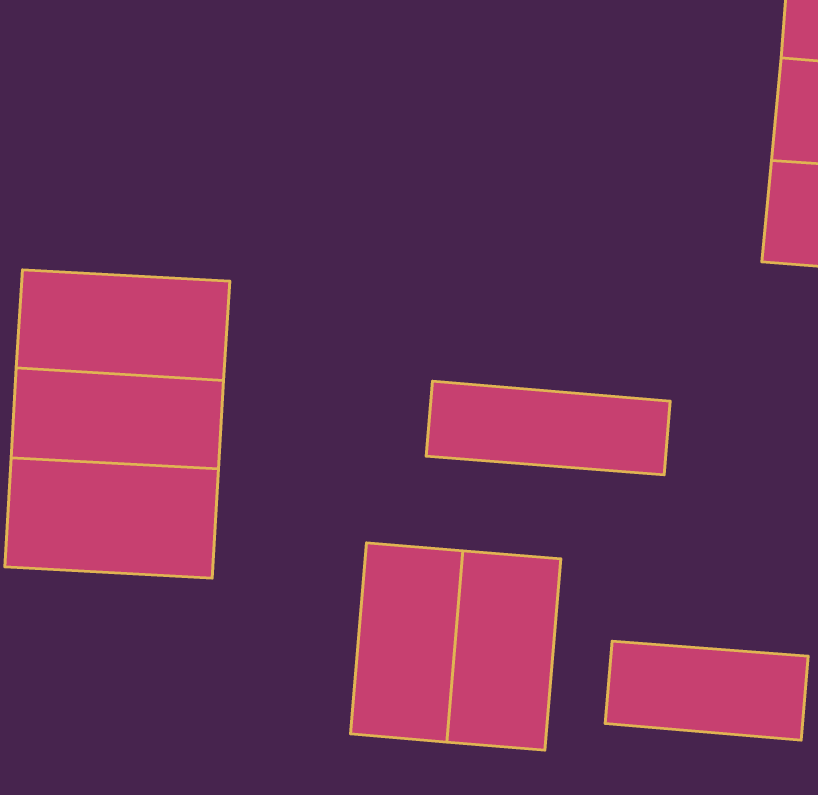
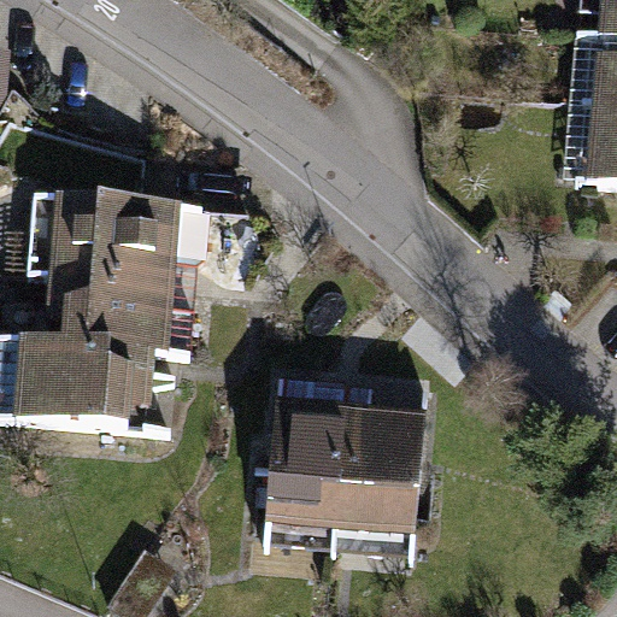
building: [426,381,670,475] -> none
building: [605,641,808,740] -> none

